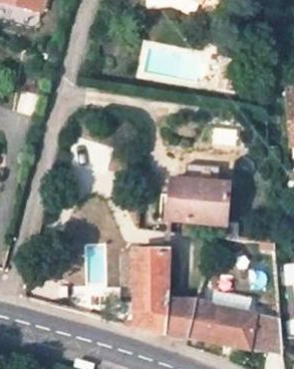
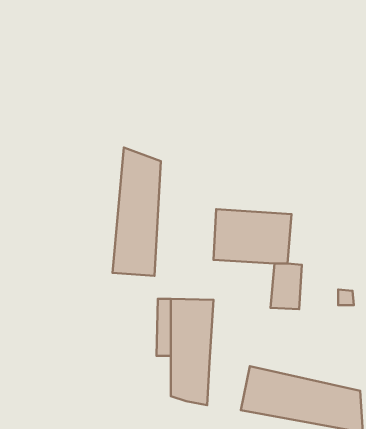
building: none -> [112,147,161,276]
building: [163,298,196,335] -> none

